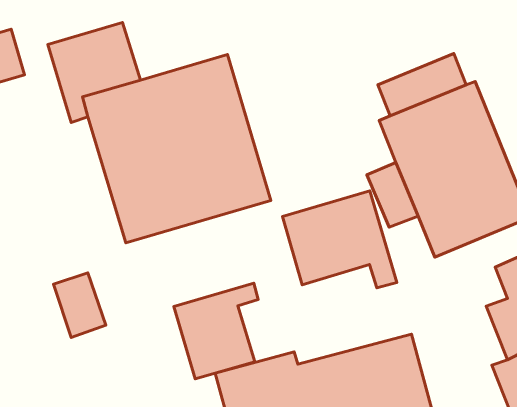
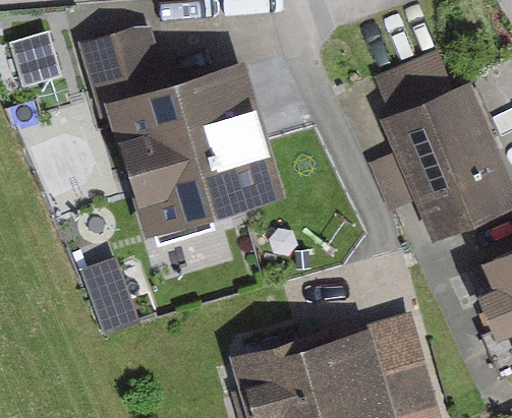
building: [283,191,397,288] -> none
building: [174,283,258,379] -> none

